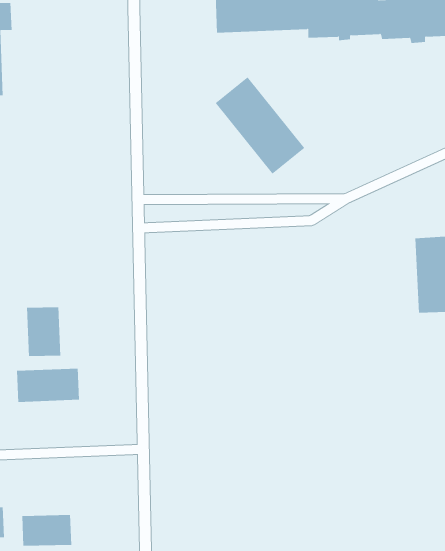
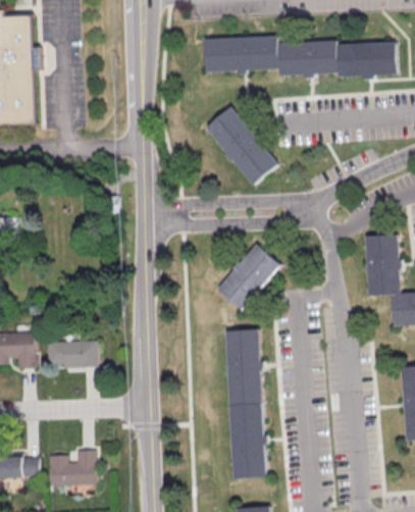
building: none -> [217,244,281,311]
building: [27,306,61,357] -> none
building: none -> [224,329,267,479]

